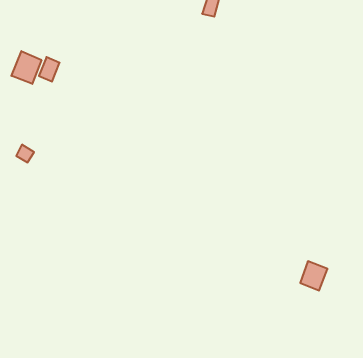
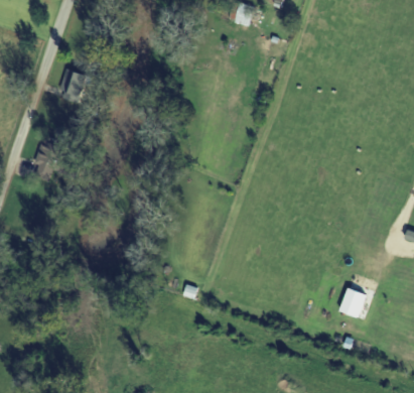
building: [11,51,41,84] -> none

